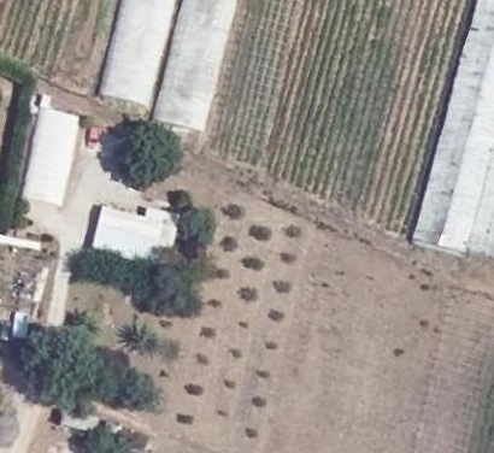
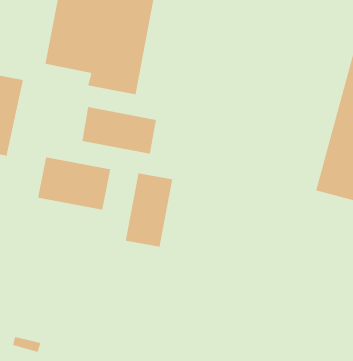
building: none -> [81,106,157,154]
building: none -> [125,172,173,247]

